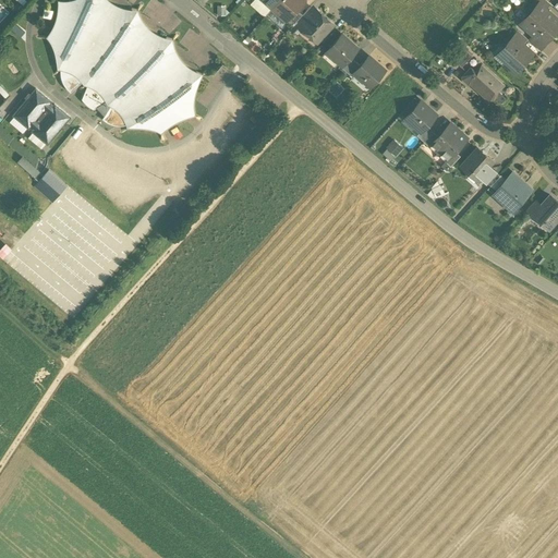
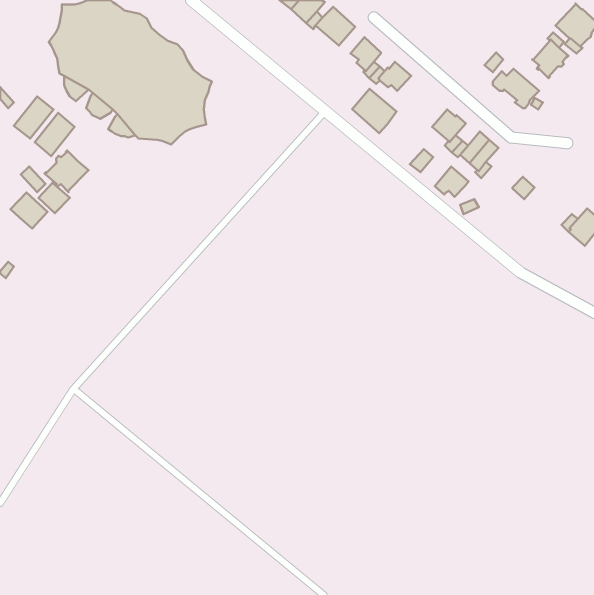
building: none -> [352,89,397,133]
building: none -> [45,150,88,192]
building: [462,147,494,175] -> [435,166,468,197]
building: [494,173,532,211] -> none
building: none -> [10,192,47,229]

